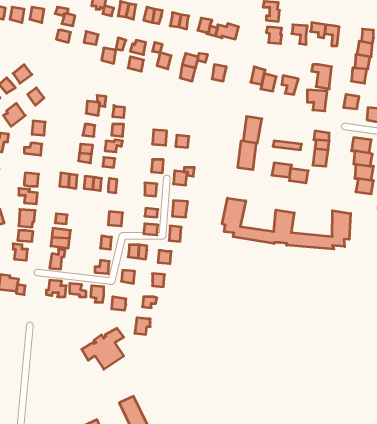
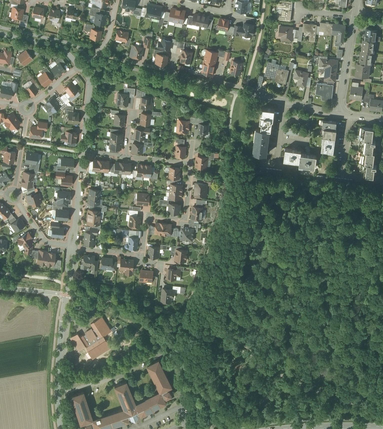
building: [222,198,351,249] -> none
building: [82,328,124,369] -> [72,322,110,359]

